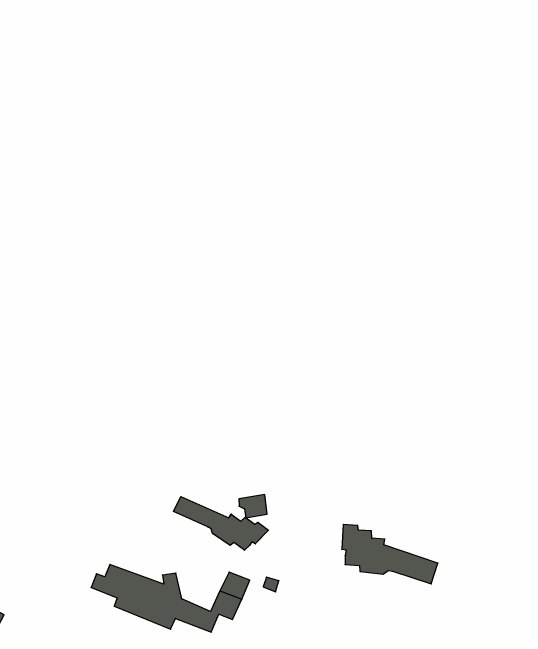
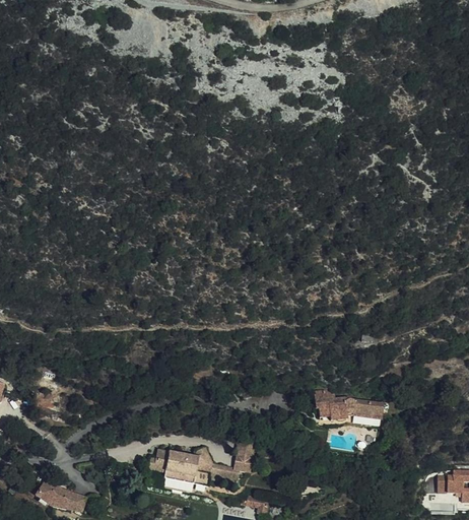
building: [174,497,268,550] -> none

